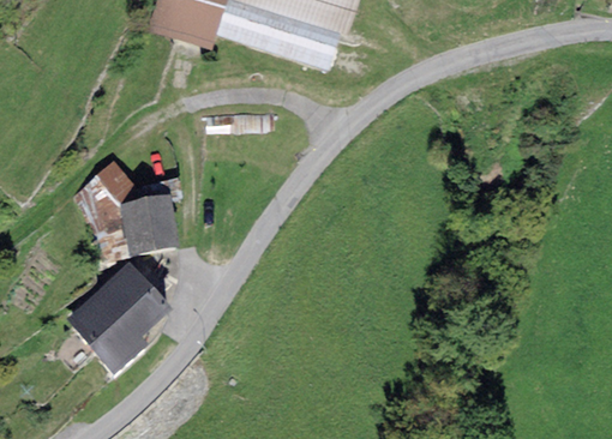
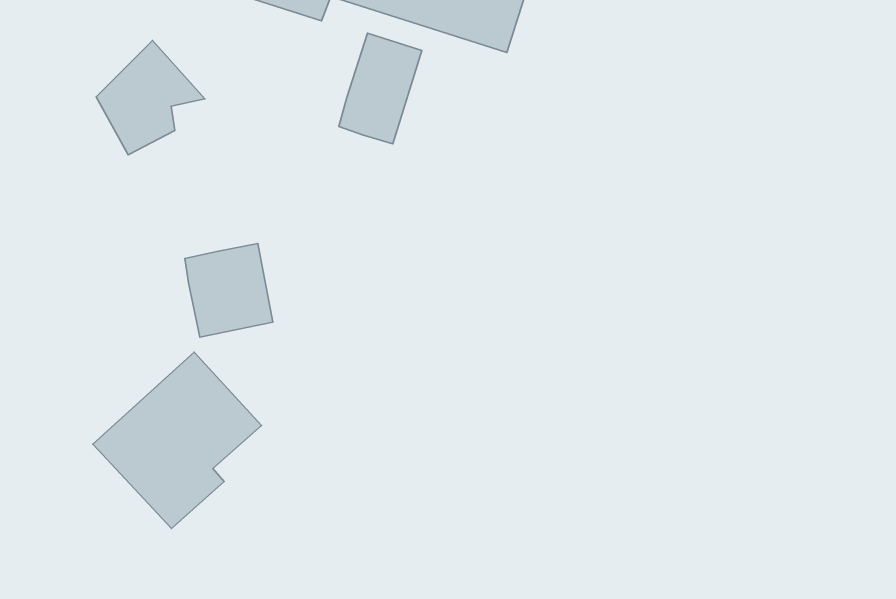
building: none -> [339,33,422,144]
building: [74,160,144,233] -> [96,41,205,155]

